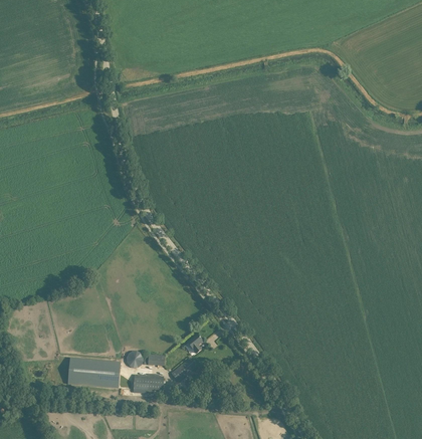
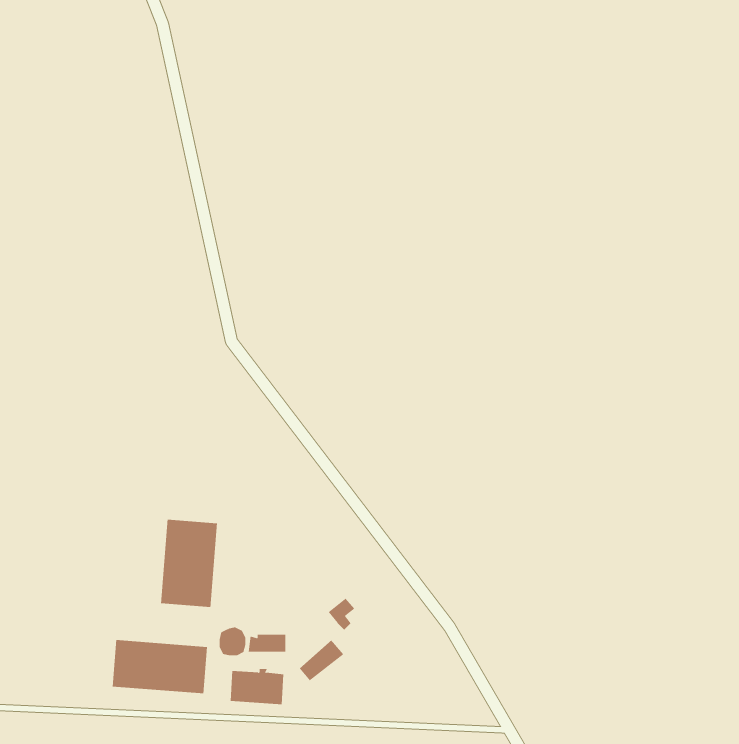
building: none -> [160,519,218,608]

